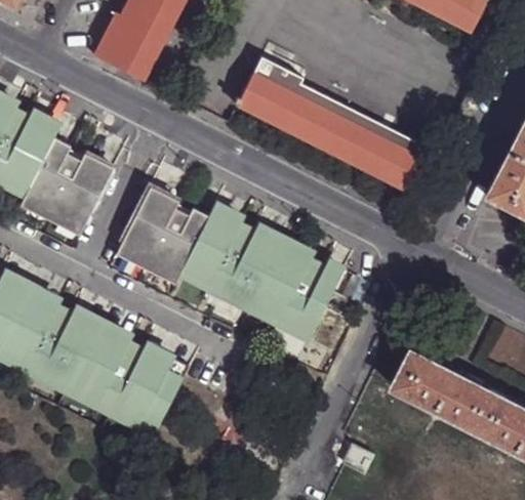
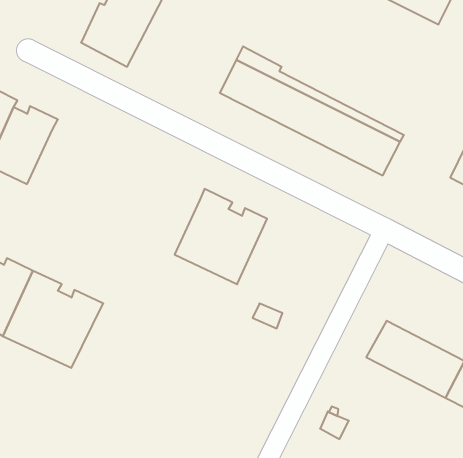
building: [25,144,118,242] -> none
building: [122,191,214,288] -> none
building: [254,239,350,338] -> none
building: [78,329,198,432] -> none

